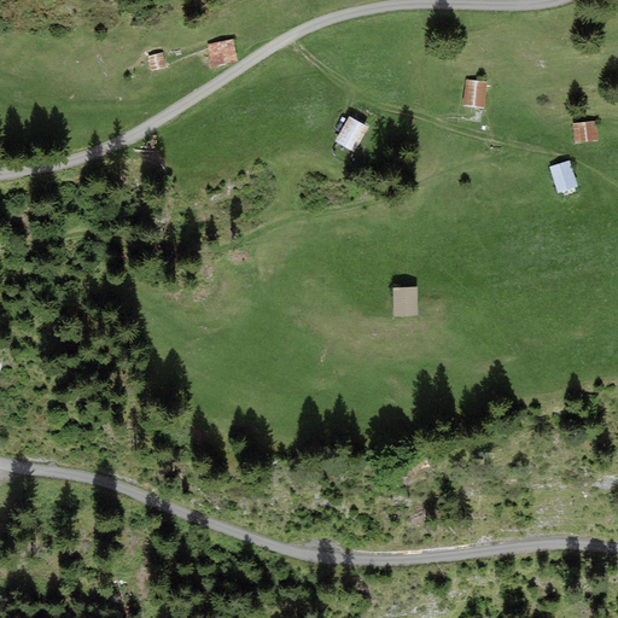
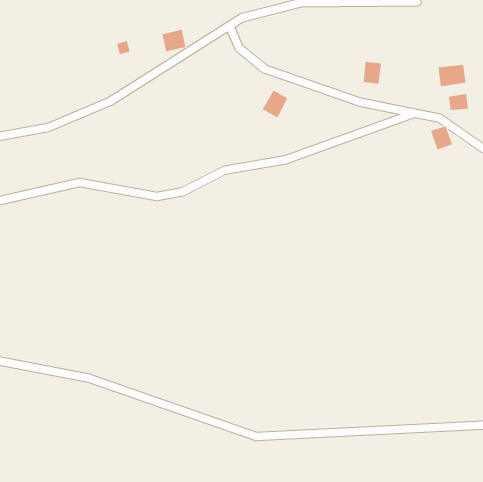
building: none -> [438,64,466,87]
building: [392,286,418,316] -> none

